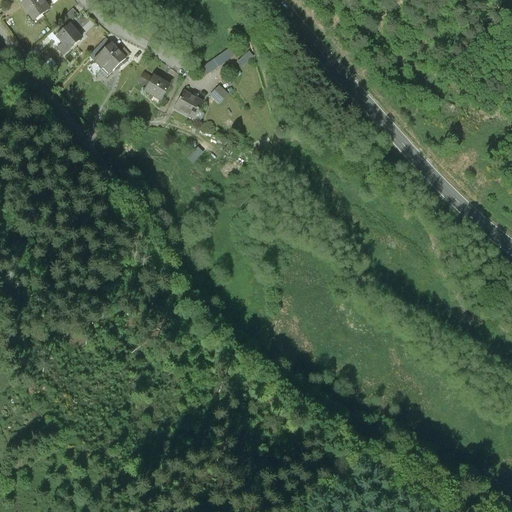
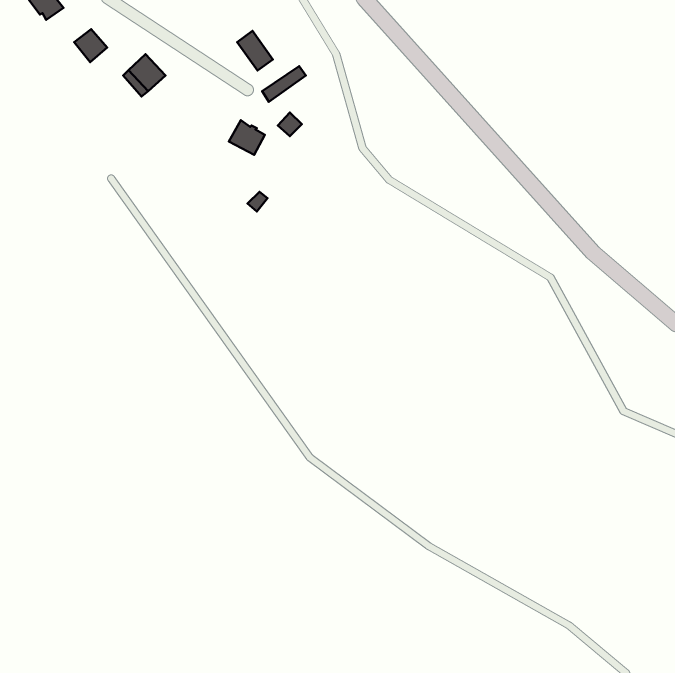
building: none -> [237,31,273,71]
building: [139,71,168,96] -> none

